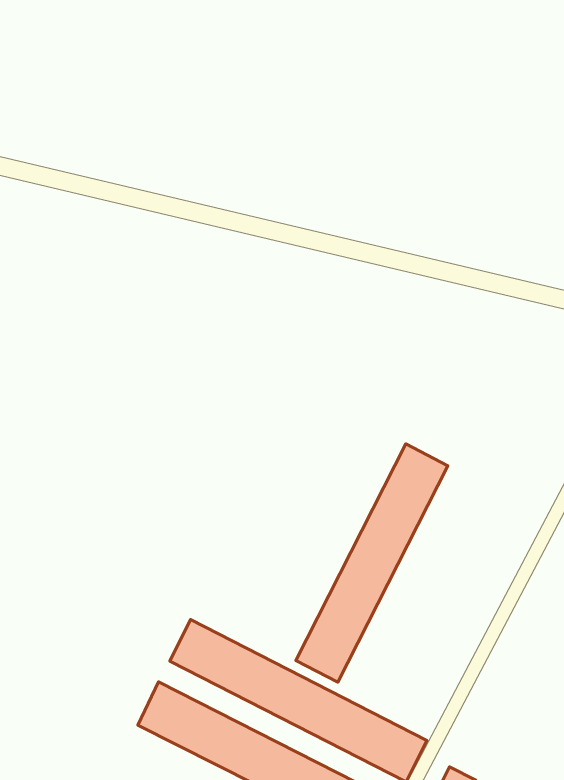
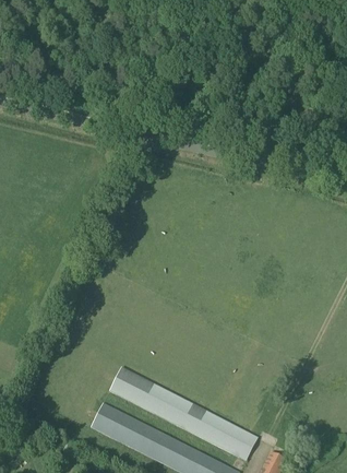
building: [296,444,448,682] -> none

